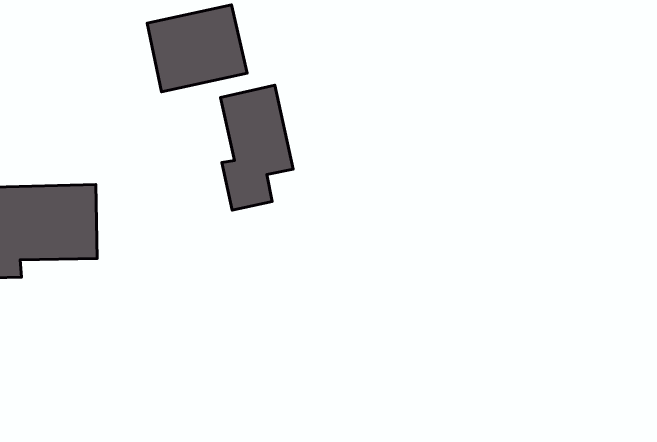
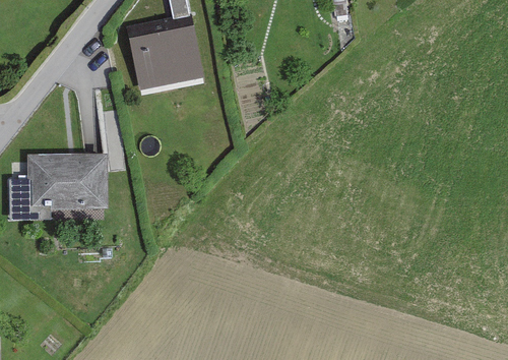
building: [220,85,293,210] -> none

